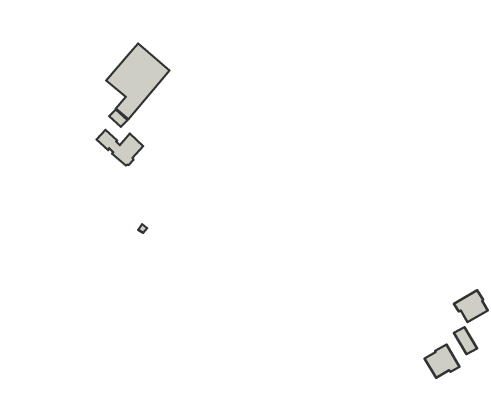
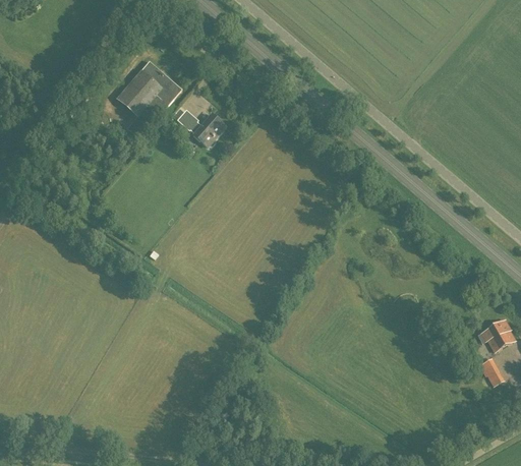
building: [97,130,143,166] -> [177,109,226,147]
building: [425,344,460,378] -> none

